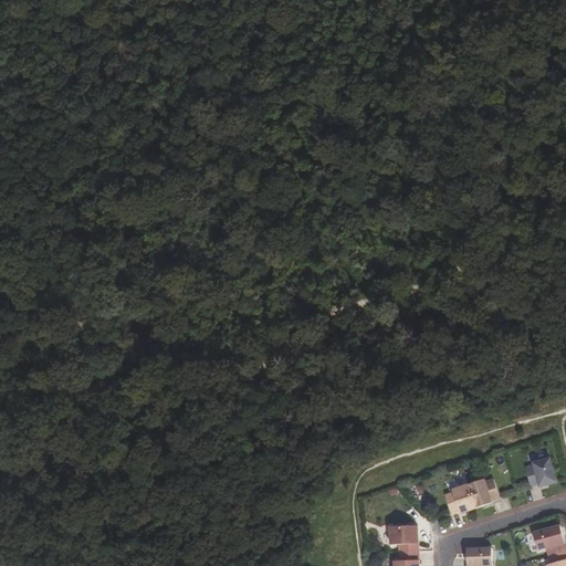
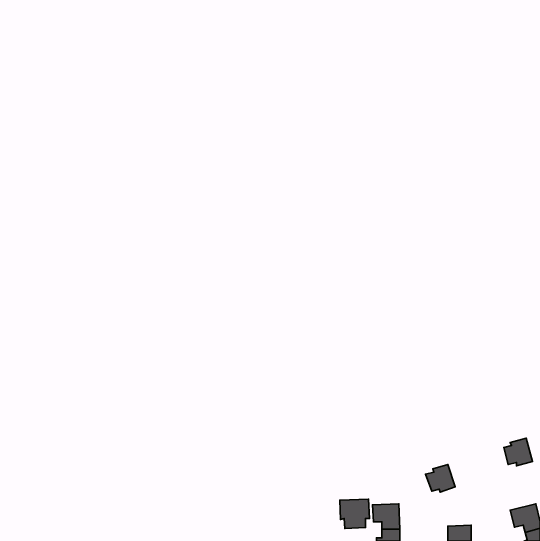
building: [467,479,497,507] -> none
building: none -> [340,499,369,529]

